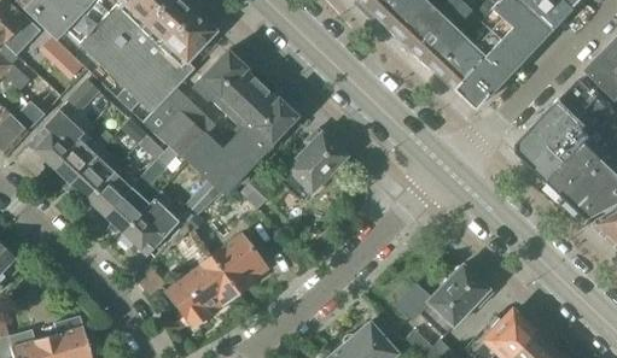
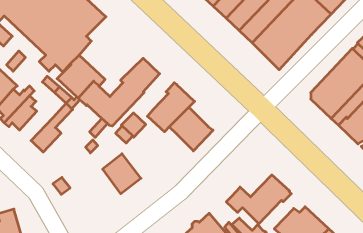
building: [192,52,275,125] -> none
building: none -> [169,107,213,151]
building: [88,171,138,215] -> none
building: [122,190,180,256] -> none
building: [165,257,238,327] -> none

